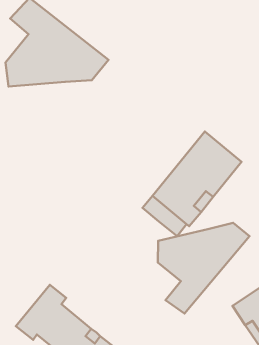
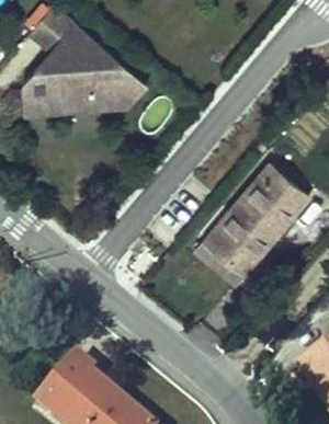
building: [158,223,250,313] -> none

